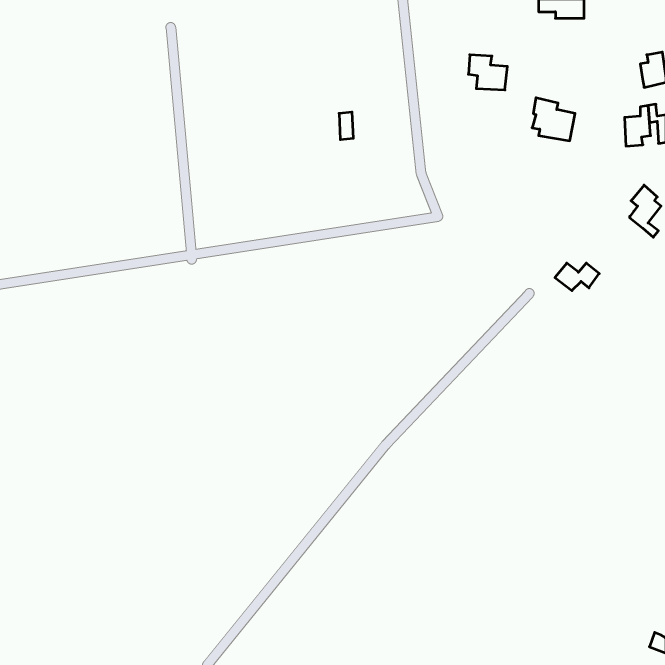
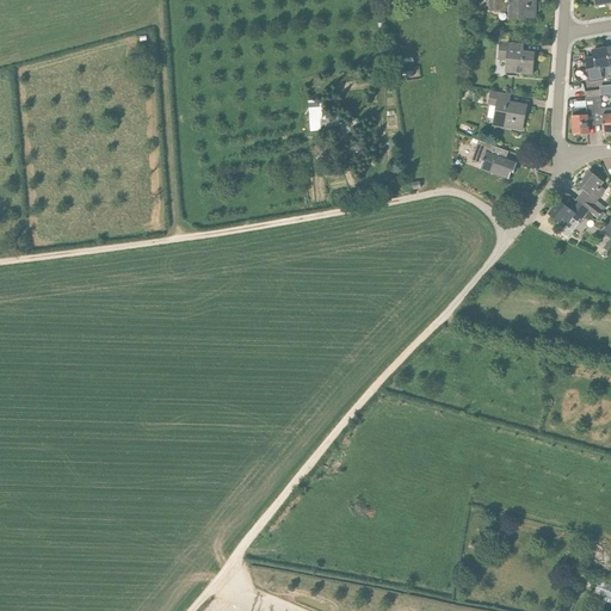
building: [468,55,507,90] -> [500,41,536,73]
building: none -> [473,140,518,178]
building: [555,263,599,291] -> [549,199,590,224]

